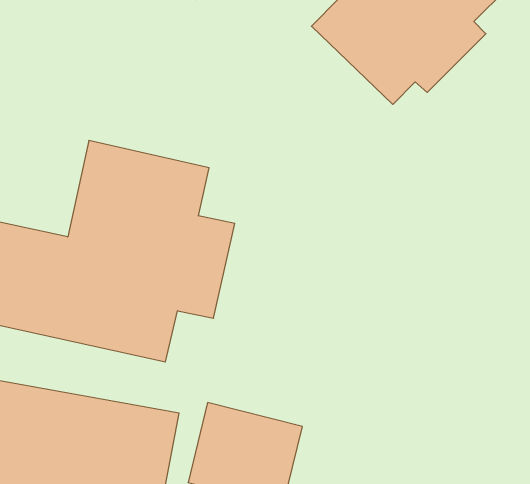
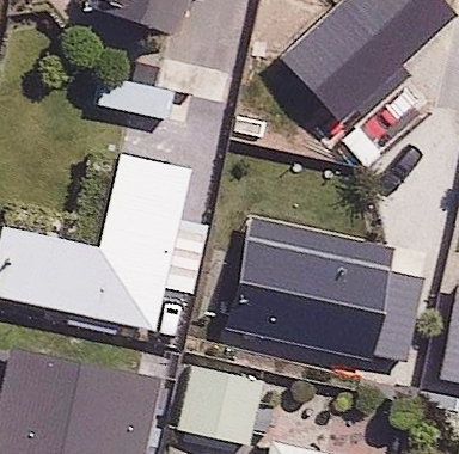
building: none -> [241,239,392,355]

